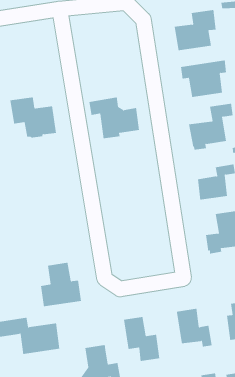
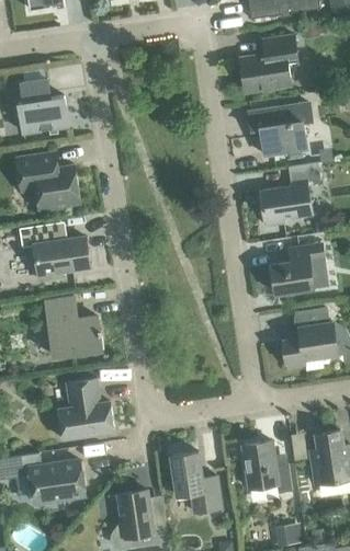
building: none -> [18,79,68,133]
building: [88,97,140,139] -> [19,222,89,279]
building: none -> [45,298,102,356]

